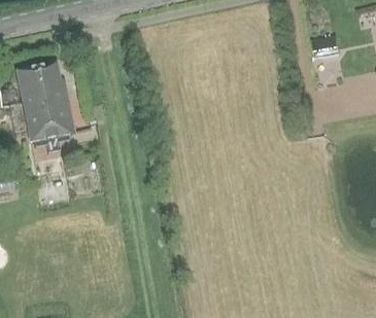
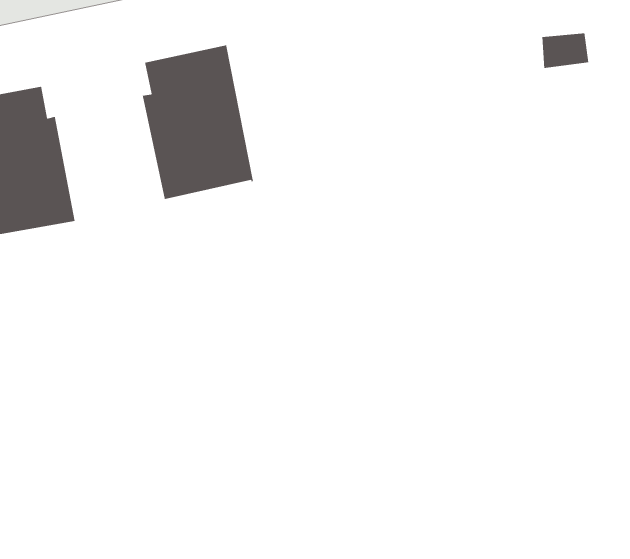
building: none -> [142,45,254,200]

